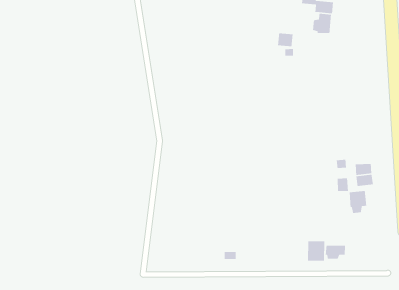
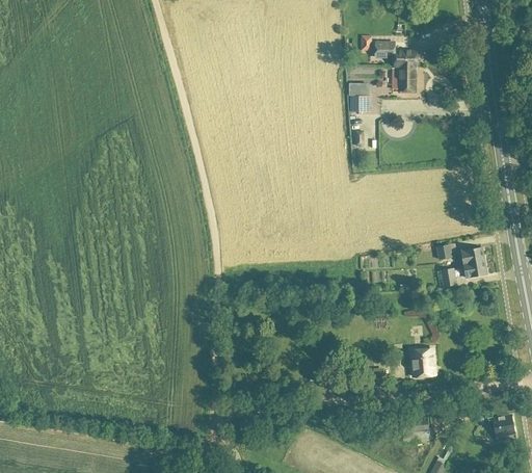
building: [349,190,367,214] -> none
building: [325,245,346,259] -> none

